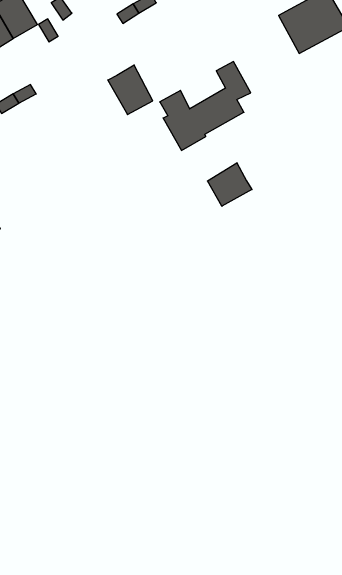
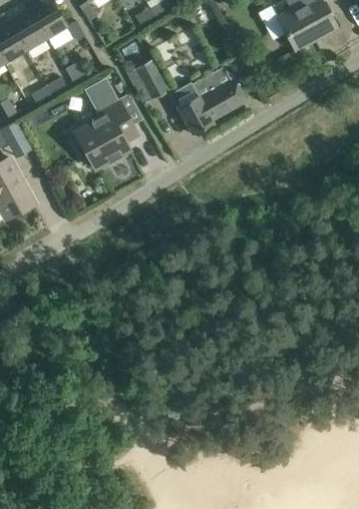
building: none -> [73,78,142,170]
building: [207,163,252,206] -> none

